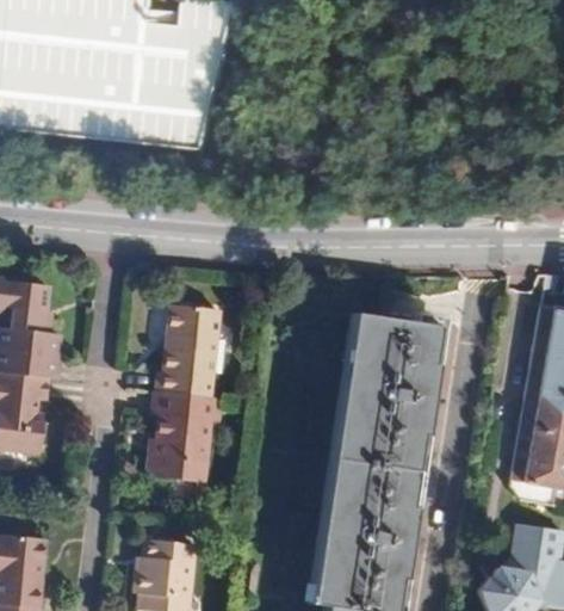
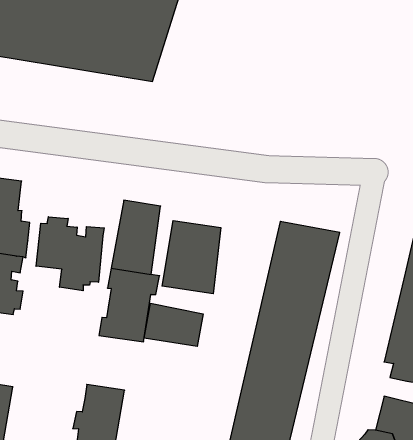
building: none -> [162,221,221,294]
building: none -> [36,217,104,291]
building: none -> [144,303,203,346]

